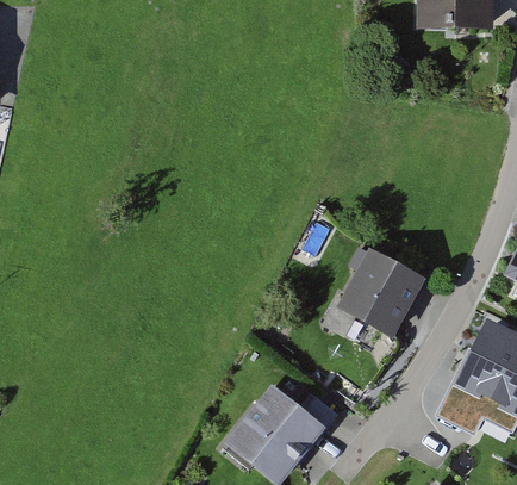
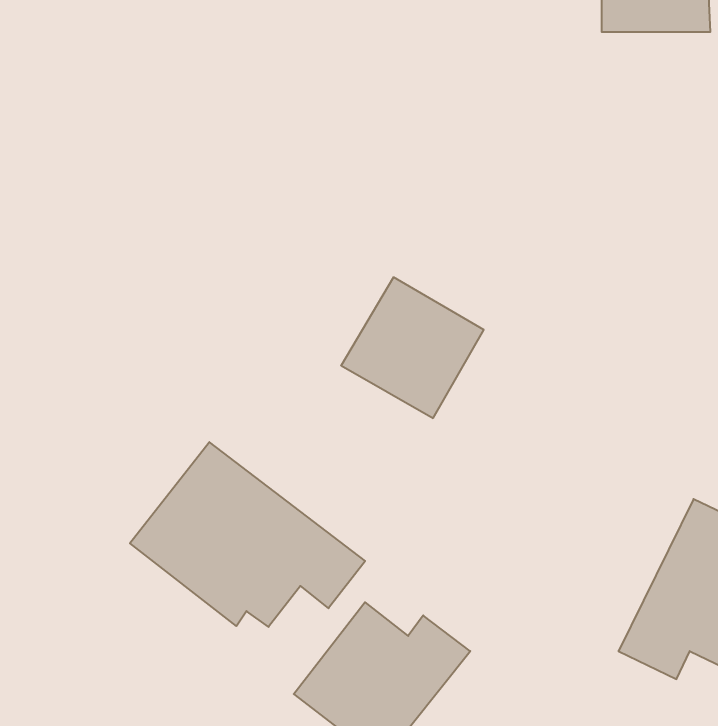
building: [338,249,429,338] -> [341,277,484,418]
building: none -> [130,442,365,627]

